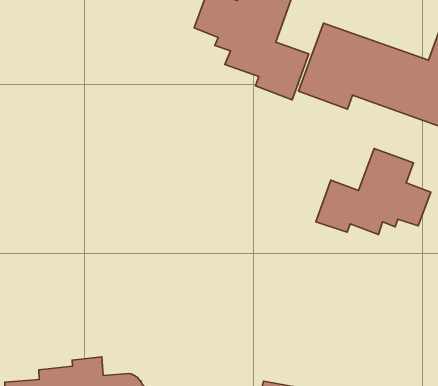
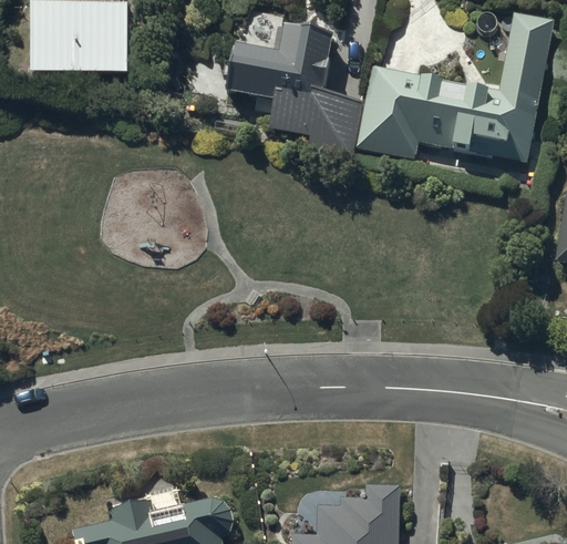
building: [316,148,431,235] -> none

